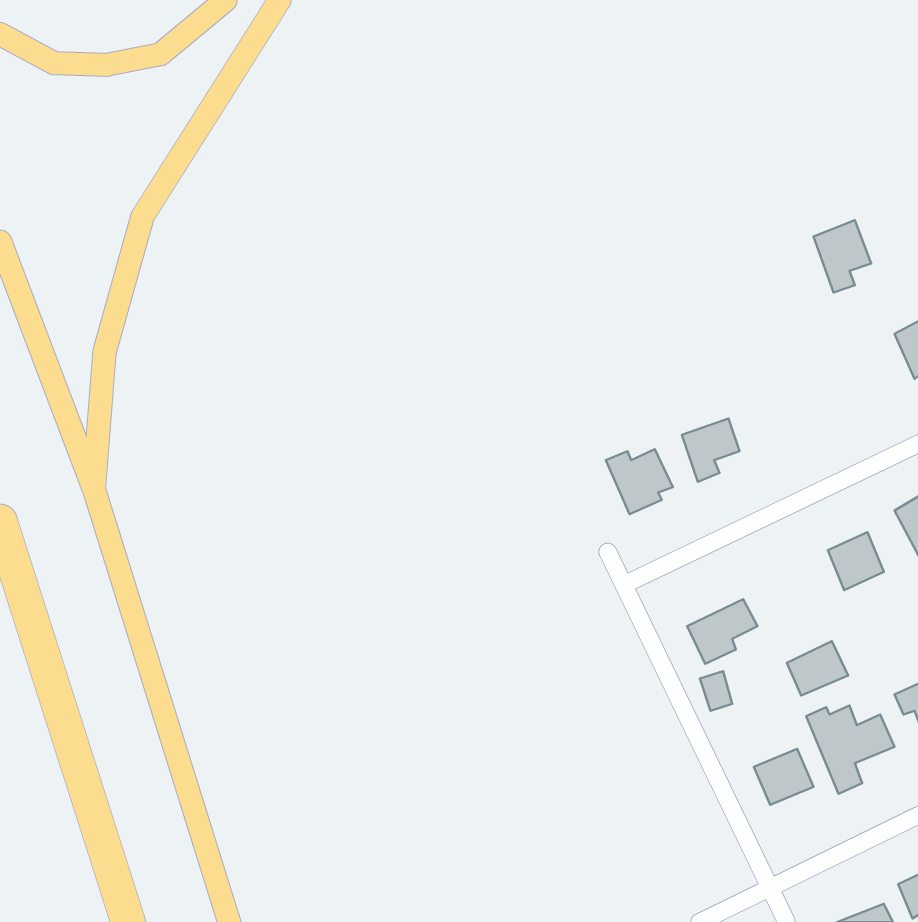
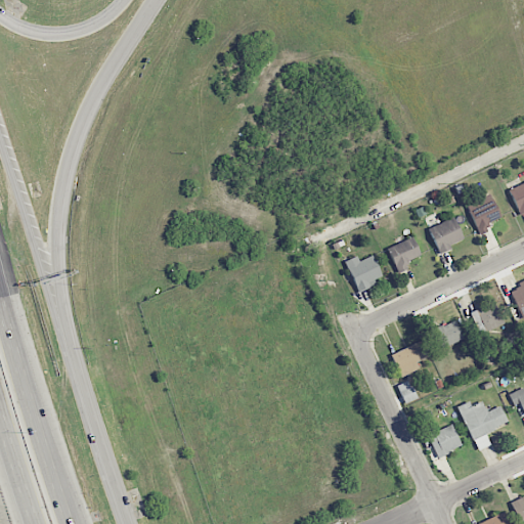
building: [814,220,871,292] -> [469,193,501,234]
building: none -> [431,218,465,251]
building: [787,641,848,695] -> [431,319,466,350]

